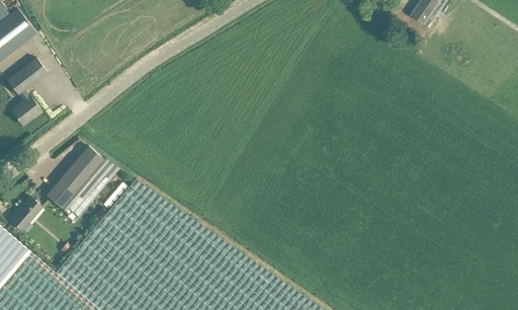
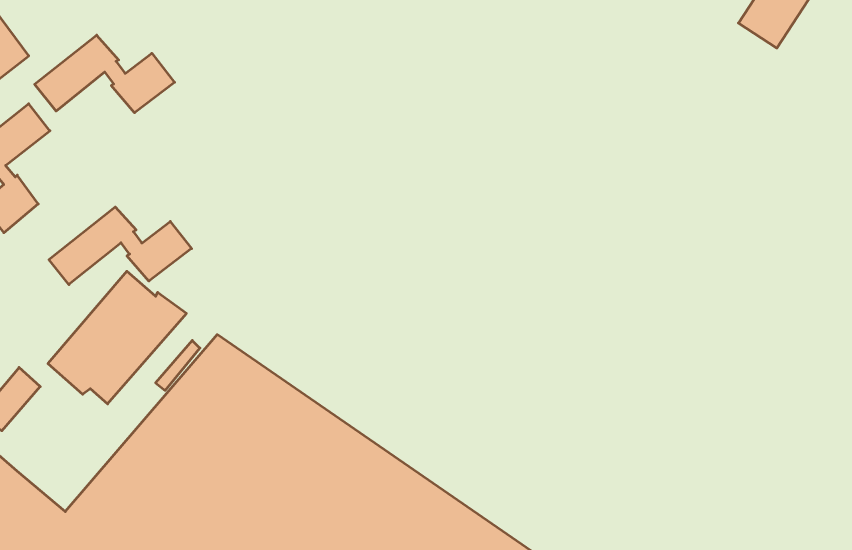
building: none -> [35,35,175,113]
building: none -> [49,207,192,285]

